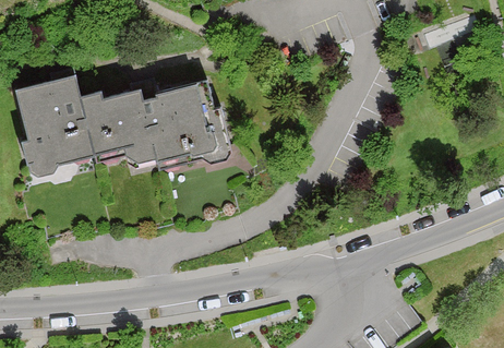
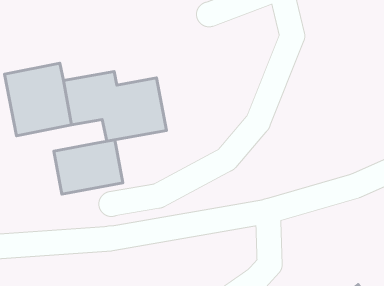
building: none -> [54,140,123,194]

